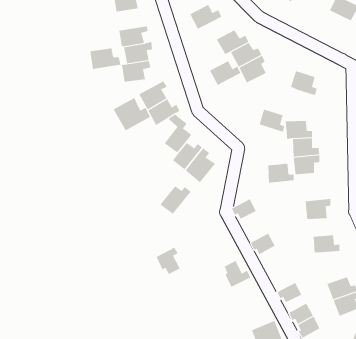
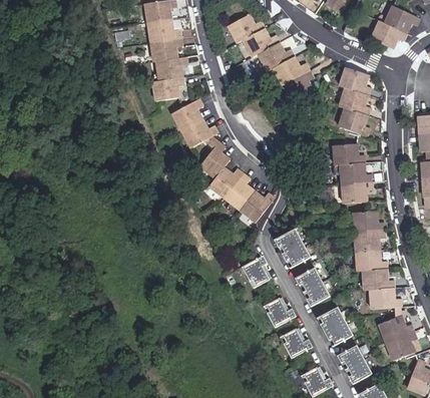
building: none -> [370,20,406,48]
building: [89,48,121,69] -> [146,19,181,43]
building: none -> [339,66,370,94]
building: [209,60,241,86] -> [243,28,278,56]
building: [113,97,151,131] -> none
building: [259,109,285,133] -> [340,108,369,134]
building: [267,163,295,183] -> [354,210,384,232]
building: [160,185,191,215] -> [240,190,275,223]
building: none -> [282,243,310,266]
building: none -> [357,251,387,271]
building: none -> [305,281,331,306]
building: [156,247,180,275] -> [242,255,269,286]
building: none -> [370,287,401,309]
building: none -> [319,307,345,332]
building: none -> [282,328,312,357]

